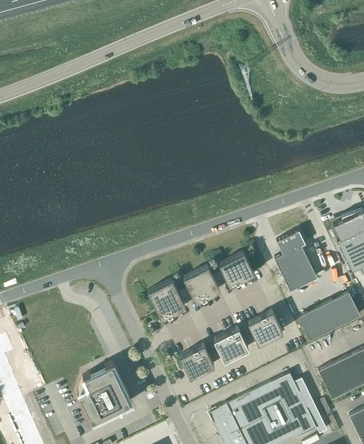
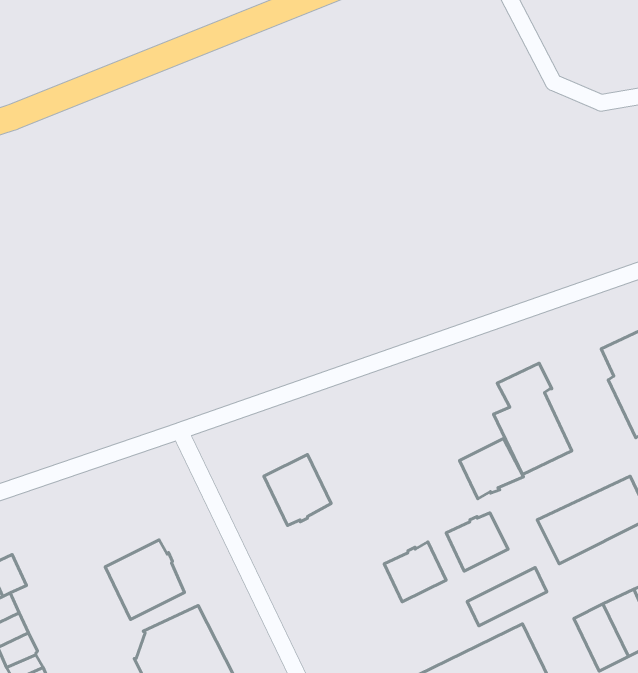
building: [219,253,254,286] -> [460,439,523,499]
building: [183,267,219,302] -> none
building: none -> [105,540,185,619]
building: none -> [467,567,547,626]
building: [180,345,214,378] -> none

